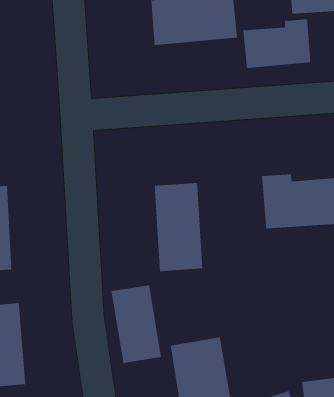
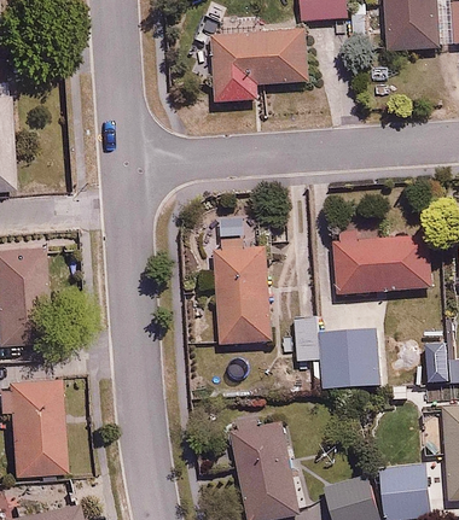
building: [243,18,311,69] -> none
building: none -> [291,319,382,390]
building: [111,284,162,364] -> none

